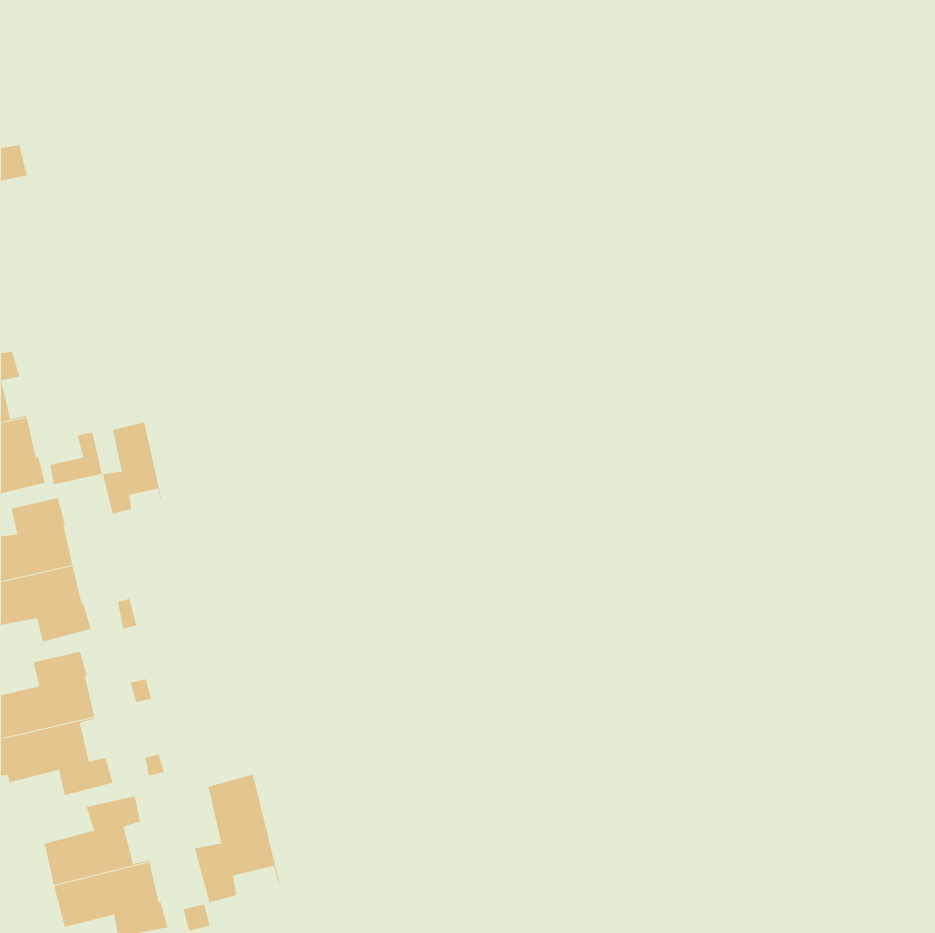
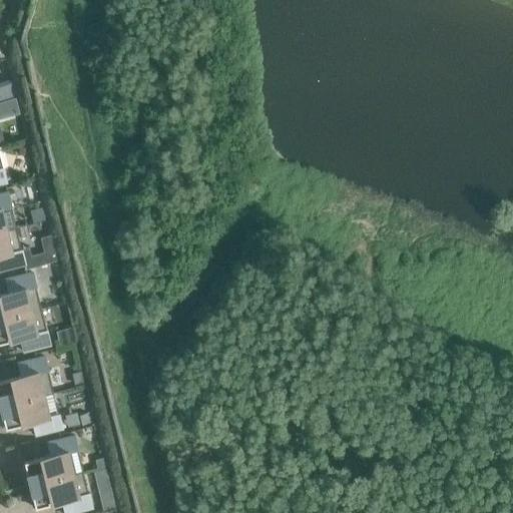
building: [102,421,162,515] -> none
building: [194,774,280,903] -> none

